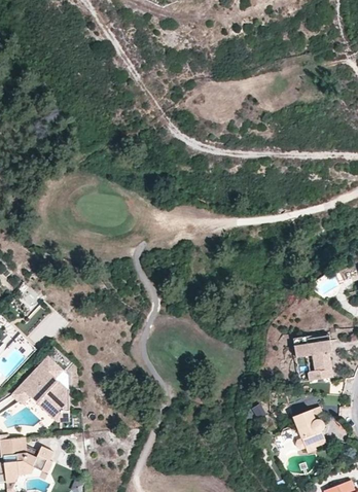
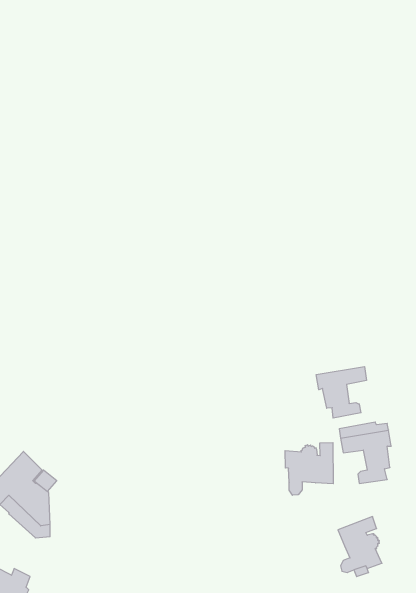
building: none -> [316,367,366,418]
building: none -> [285,443,333,495]

